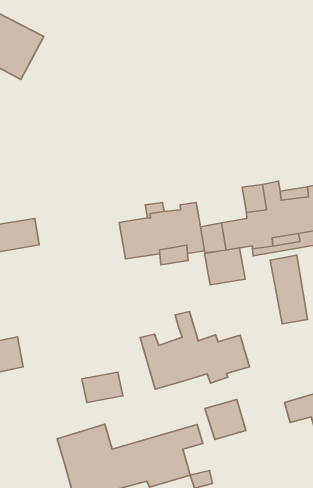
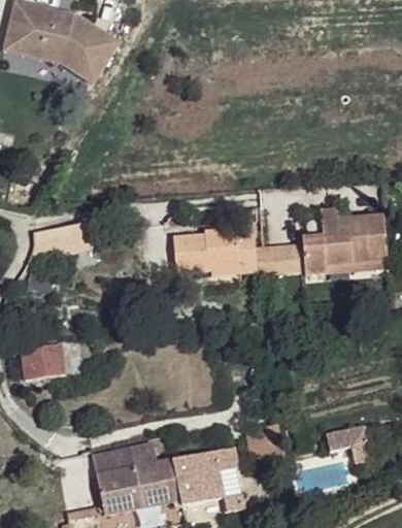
building: [205,248,245,285] -> none
building: [270,255,308,324] -> none
building: [140,312,250,389] -> none
building: [82,372,123,402] -> none

